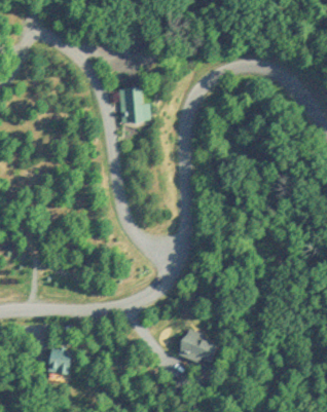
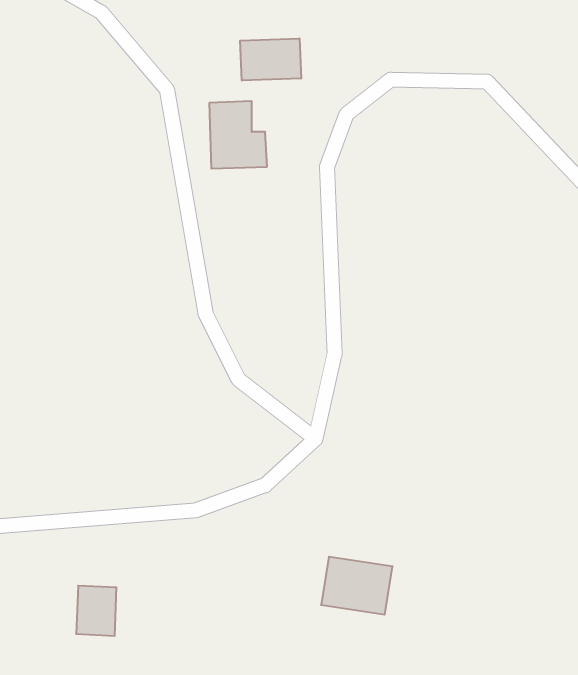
building: none -> [240,38,301,81]

